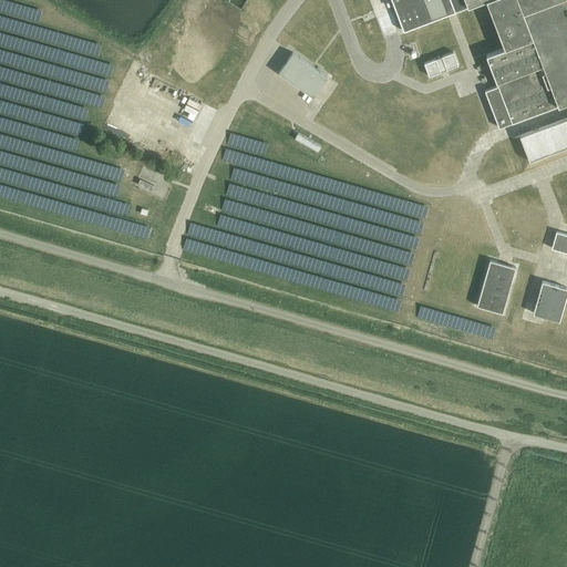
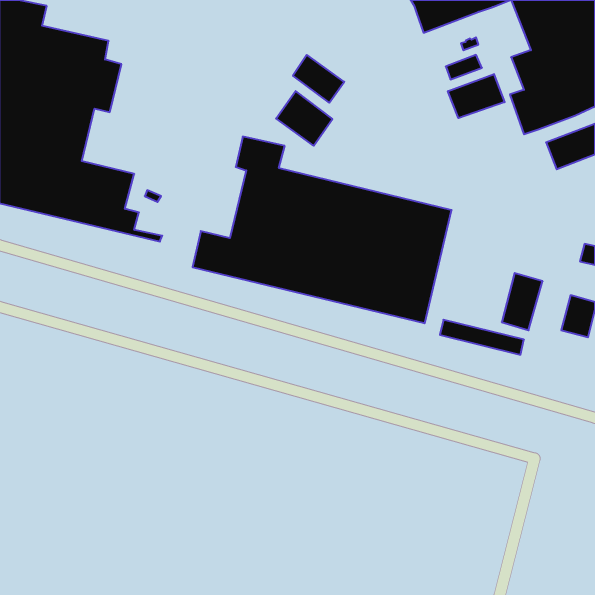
building: none -> [448,74,505,118]
building: none -> [276,91,332,146]

